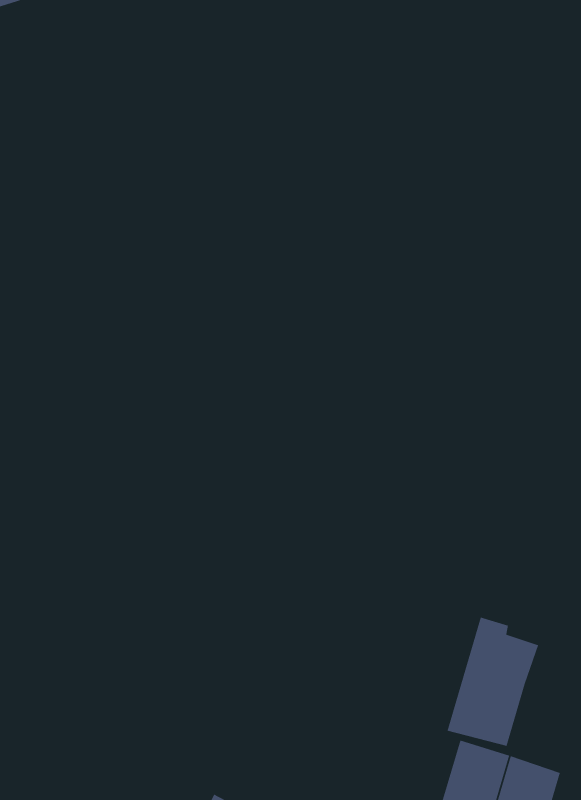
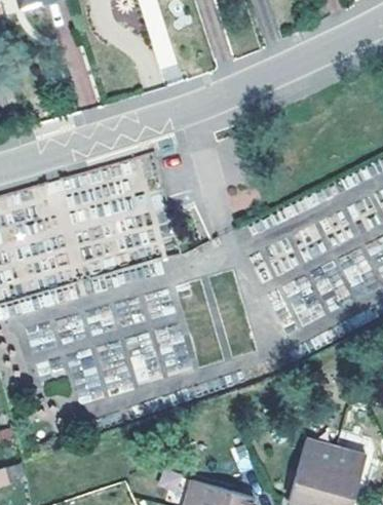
building: [446,617,539,747] -> none

